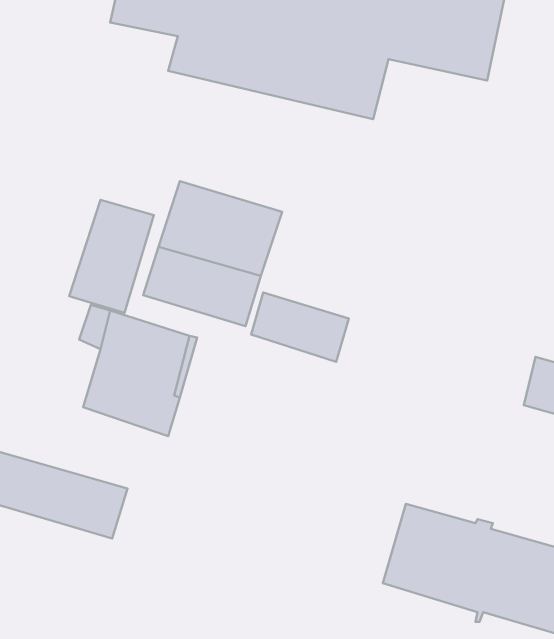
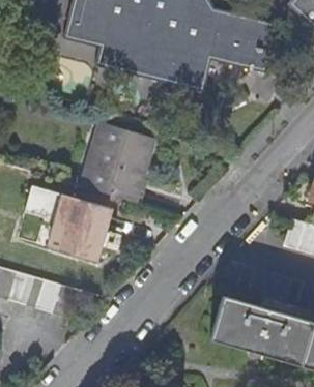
building: [69,200,154,313] -> none
building: [251,293,349,362] -> none

